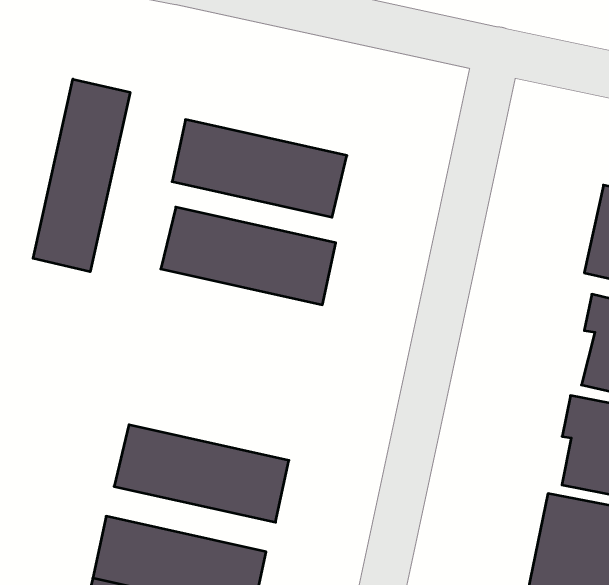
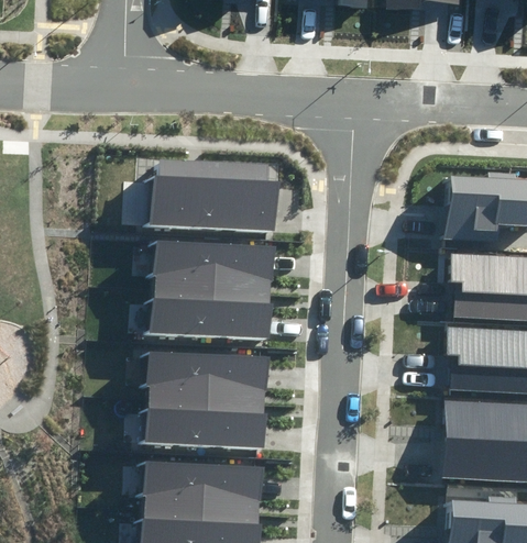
building: [33,79,130,272] -> none
building: none -> [147,285,267,337]
building: none -> [145,353,264,405]

